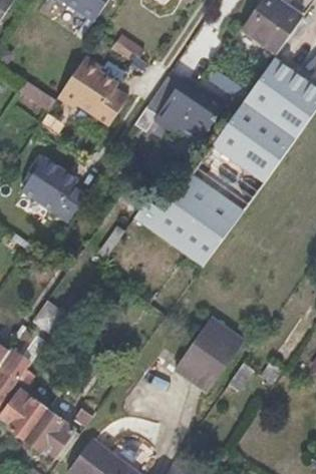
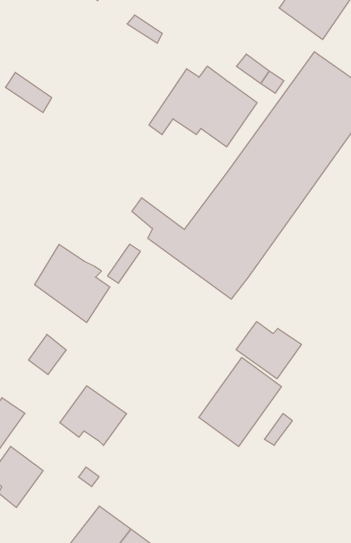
building: [56,54,129,125] -> none
building: [24,156,86,220] -> [35,244,110,322]
building: none -> [236,322,301,379]
building: [24,409,79,458] -> [60,386,127,446]

